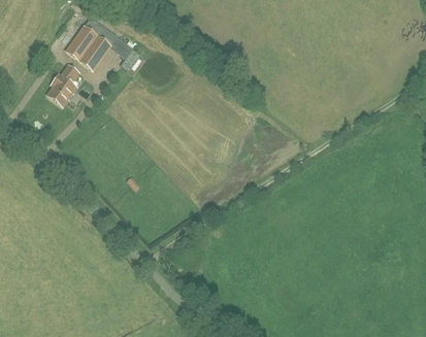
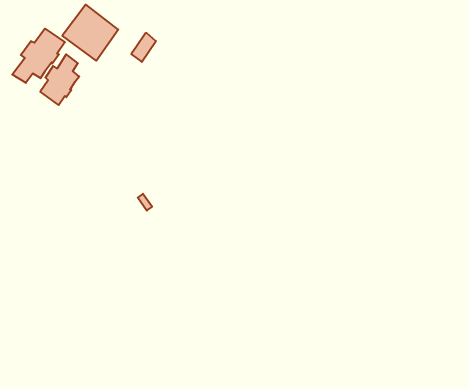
building: none -> [12,29,65,83]

